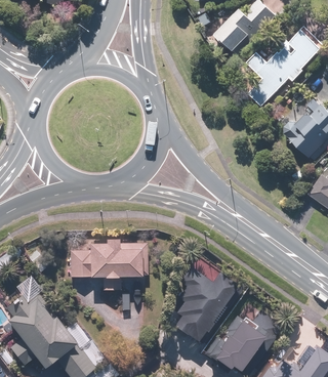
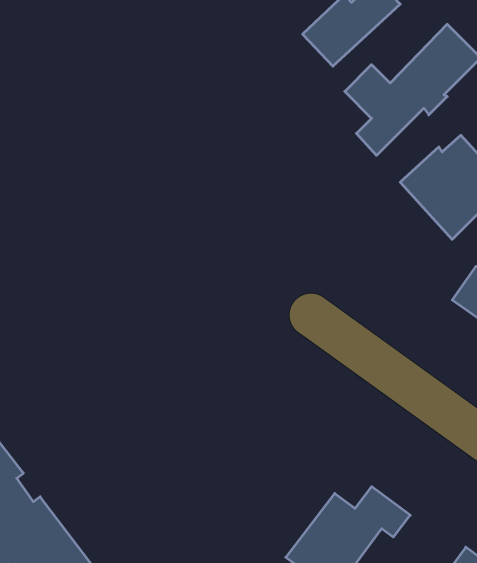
building: [70,238,148,279] -> none
building: [174,264,239,343] -> none

